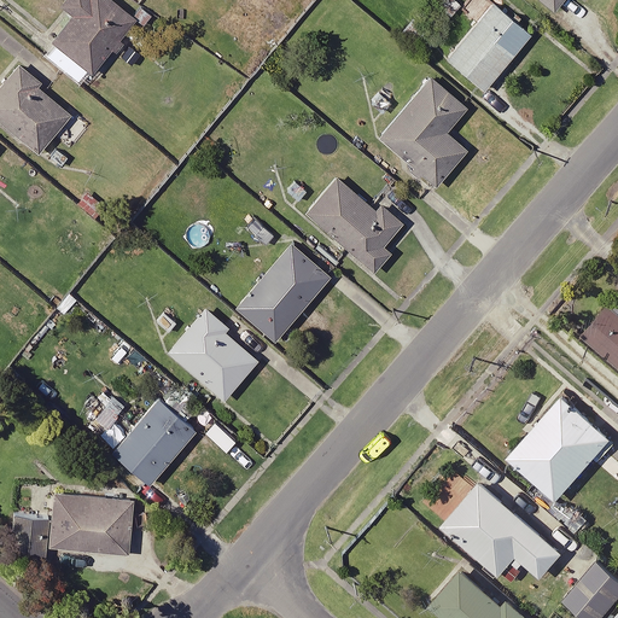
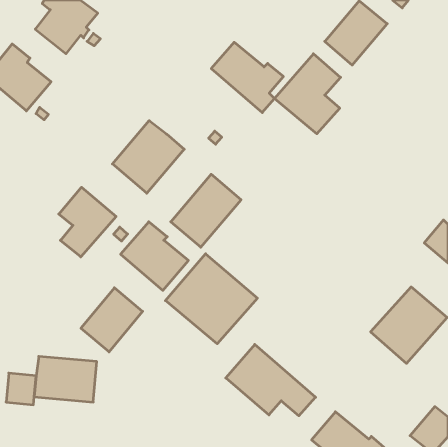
building: none -> [112,121,184,193]
building: [303,177,402,274] -> [211,42,283,113]
building: none -> [59,187,116,257]
building: none -> [165,254,257,344]
building: [442,482,565,579] -> [226,344,316,416]

